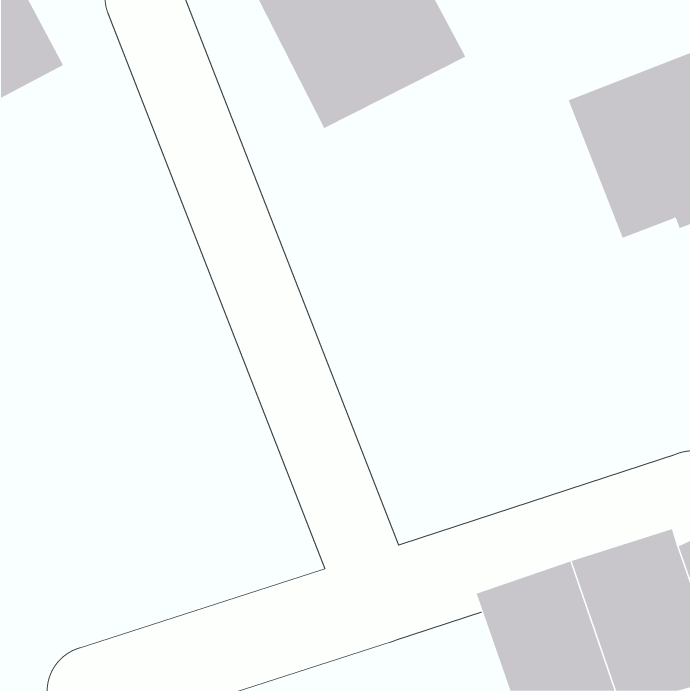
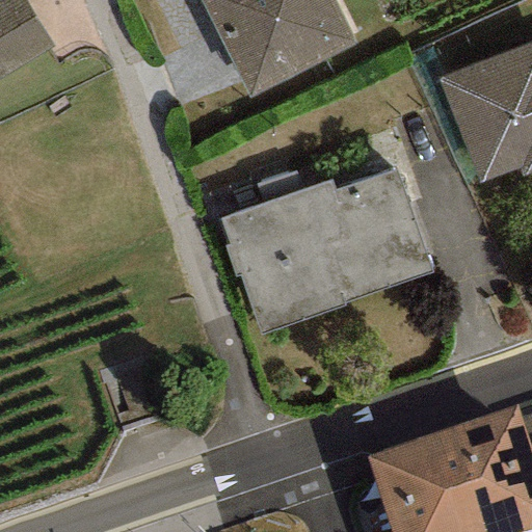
building: none -> [220,170,432,332]

